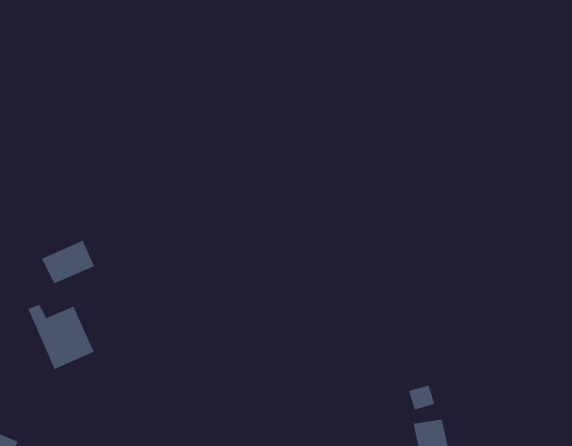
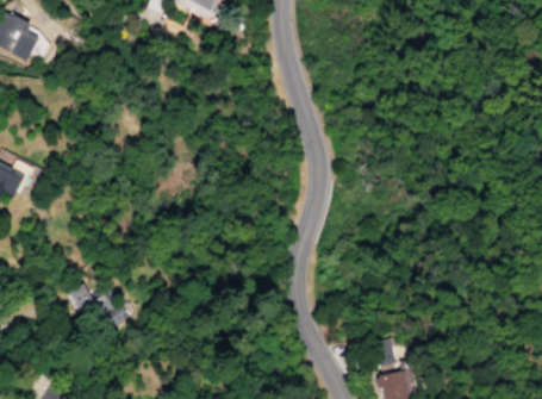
building: [41,240,95,284] -> none

